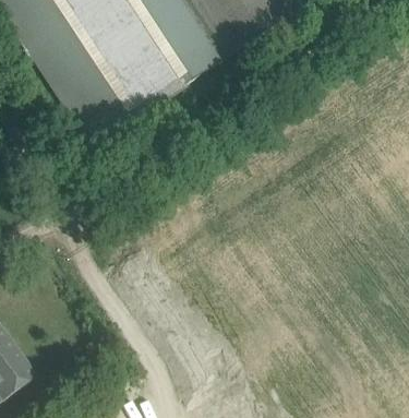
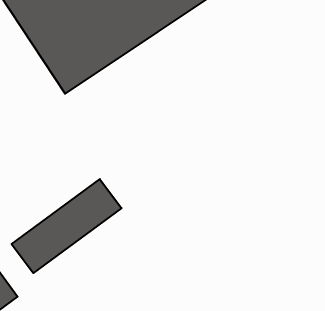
building: none -> [12,179,122,273]

